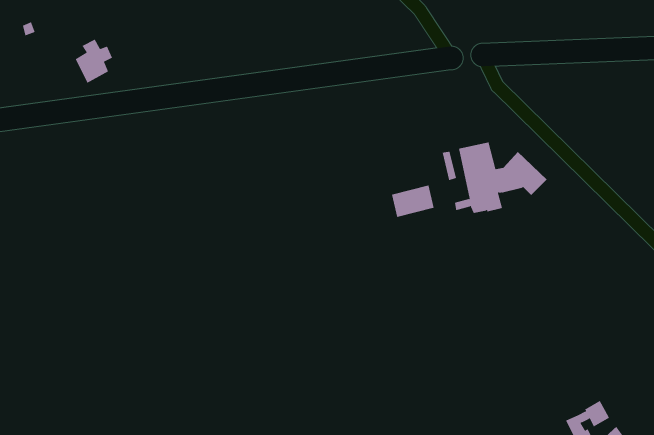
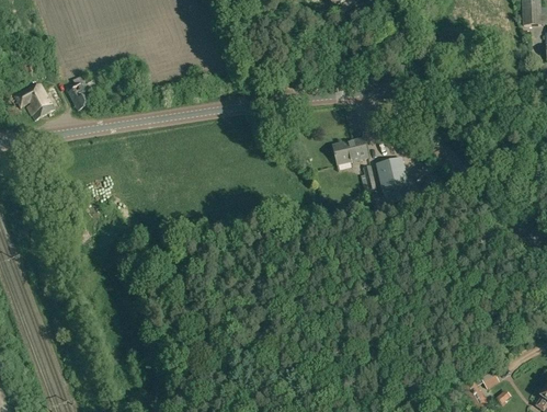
building: none -> [15,82,54,118]
building: [391,185,435,217] -> [333,137,368,163]

